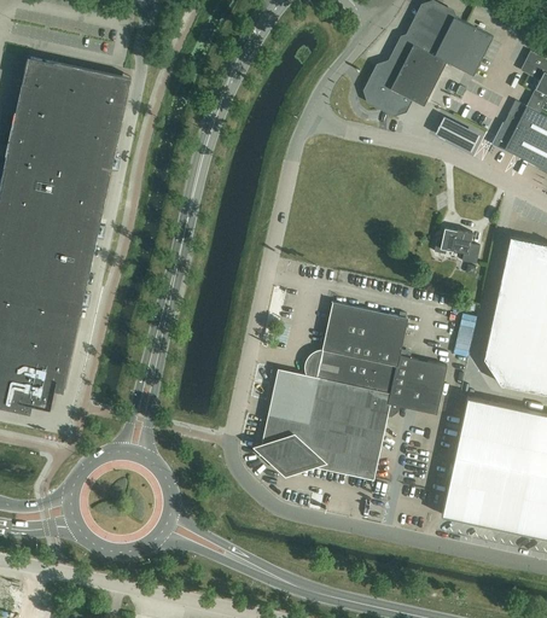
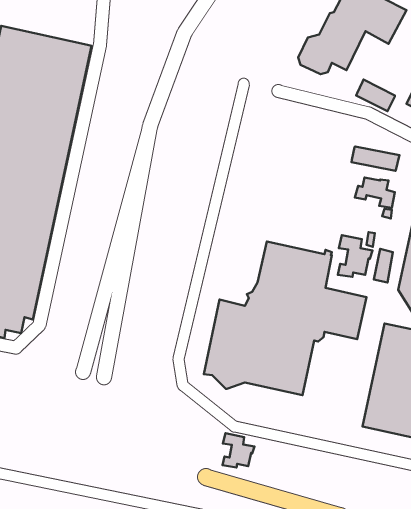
building: none -> [352,146,399,171]
building: none -> [338,235,372,277]
building: none -> [222,433,254,468]

